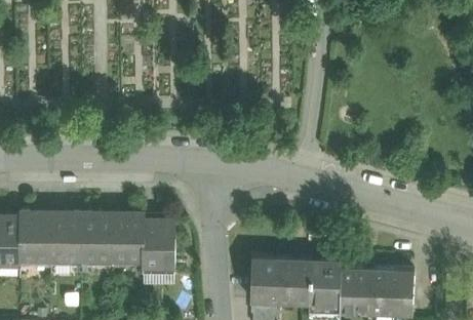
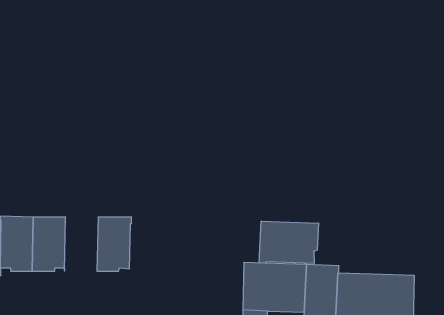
building: [81,214,113,266] -> none
building: none -> [259,221,319,263]
building: [143,221,175,273] -> none

